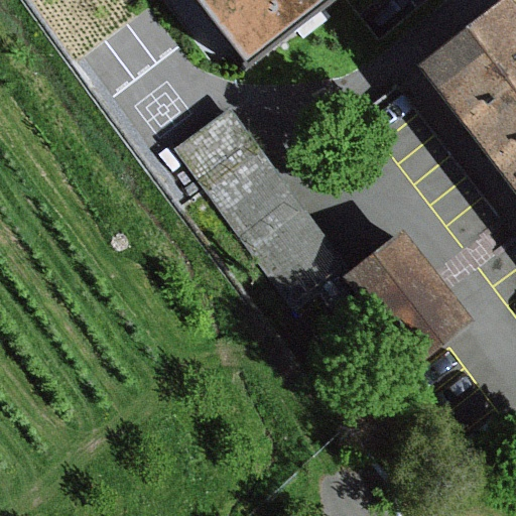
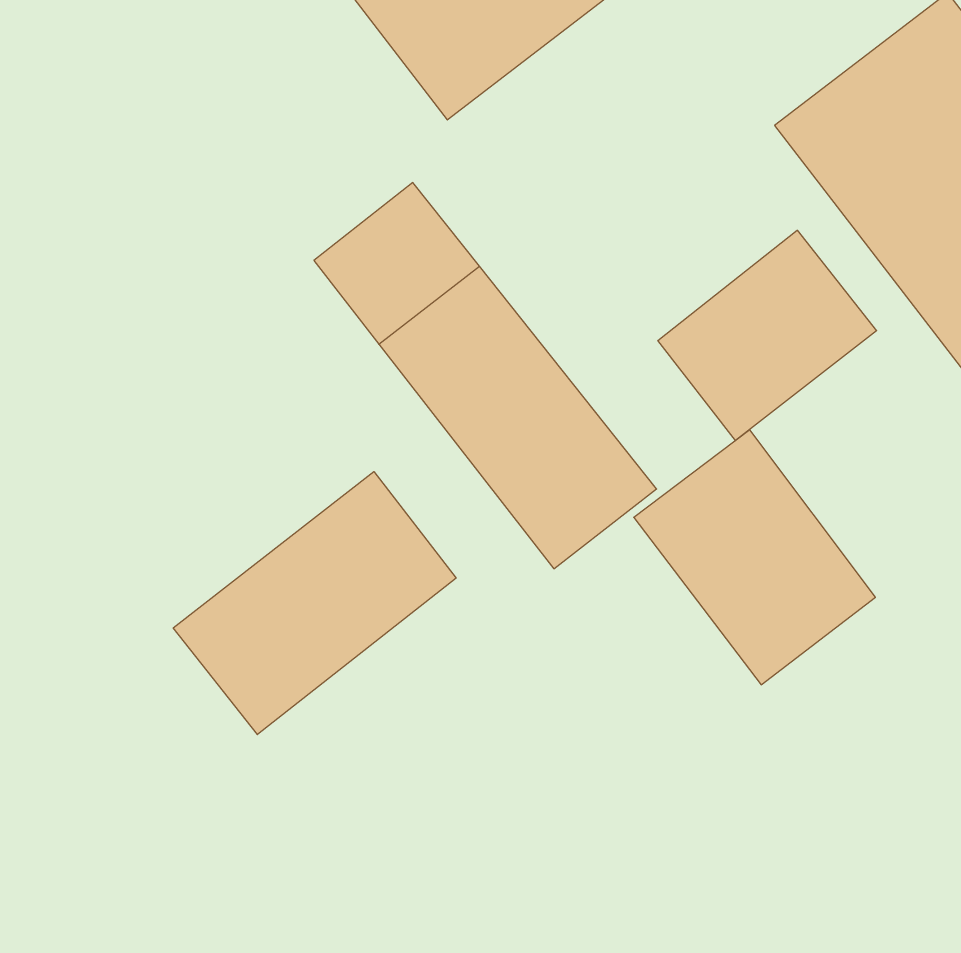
building: none -> [658,230,877,441]
building: none -> [173,472,456,735]

